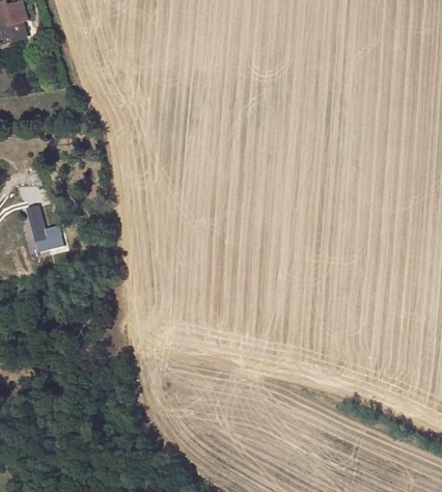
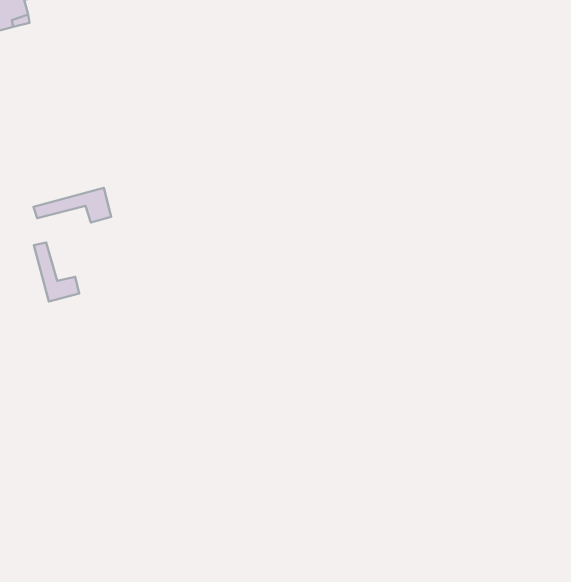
building: none -> [33,188,111,222]

